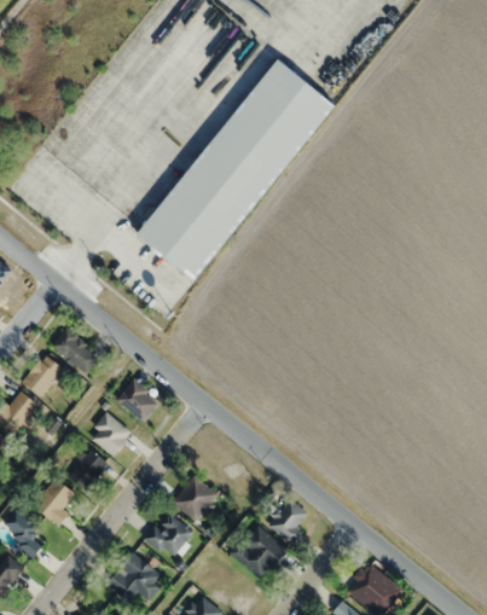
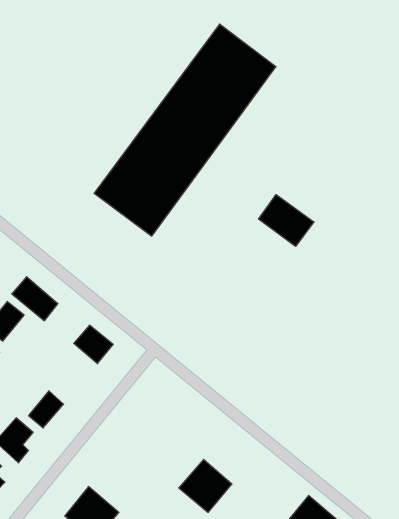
building: none -> [259,195,314,246]
building: [88,413,132,457] -> none
building: [172,476,219,523] -> none
building: [267,499,307,545] -> none
building: [144,511,192,561] -> none

